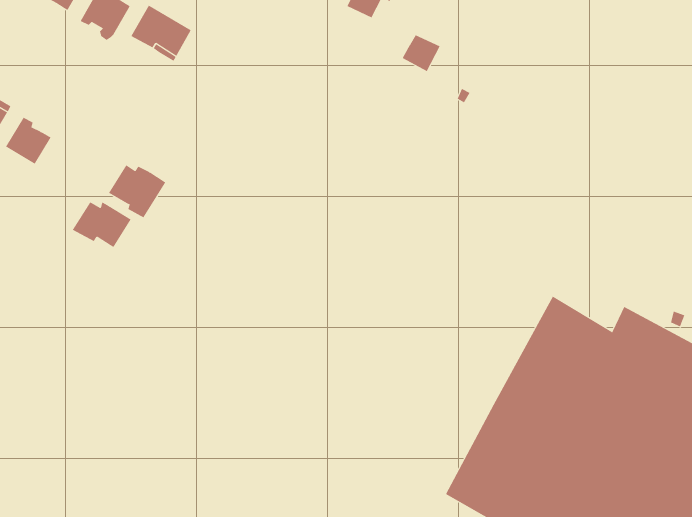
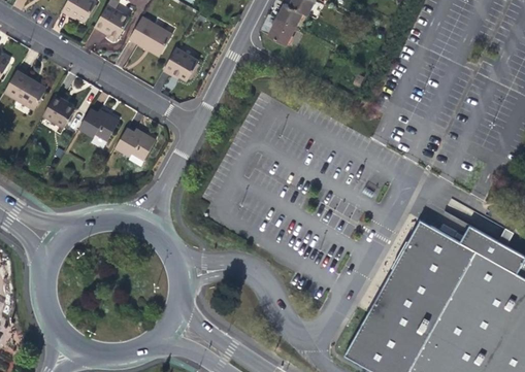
building: [402,34,440,72] -> [269,19,296,44]
building: none -> [162,48,198,81]
building: [72,202,132,248] -> [77,109,119,141]

